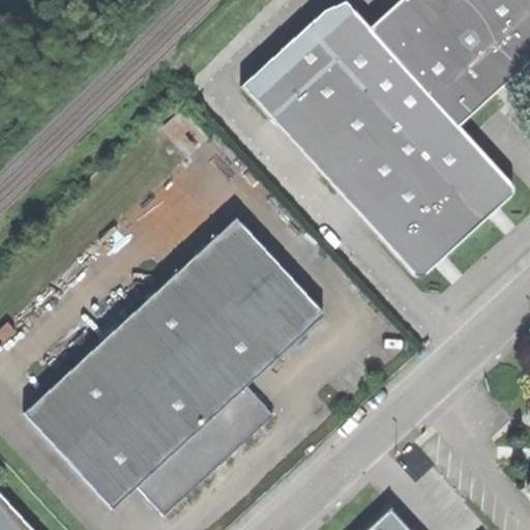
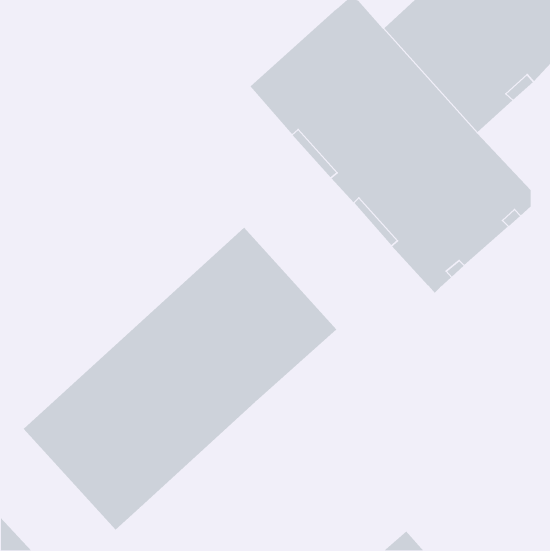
building: [137,385,274,516] -> none

